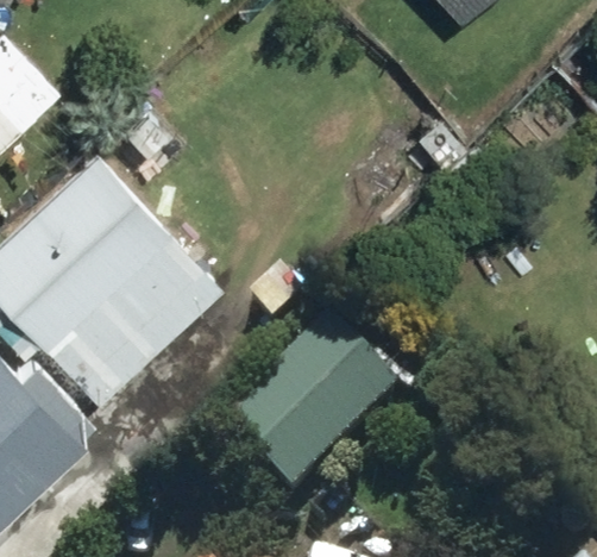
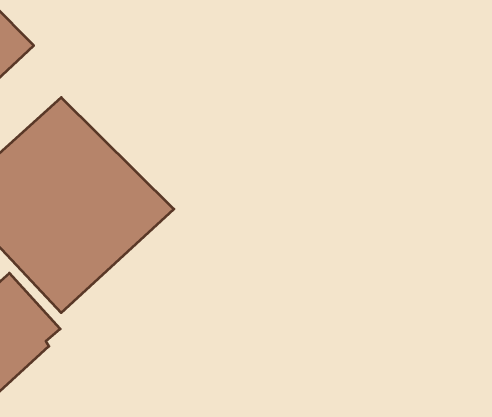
building: [218,323,397,502] -> none

